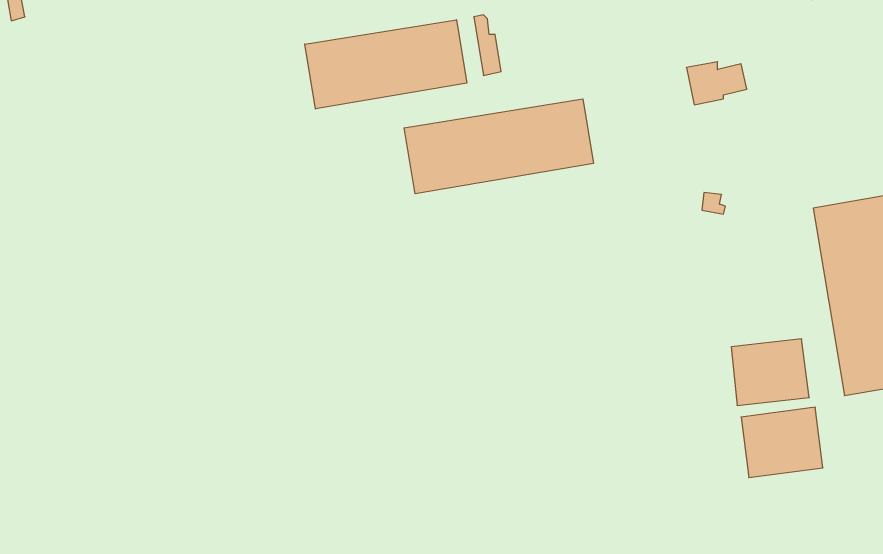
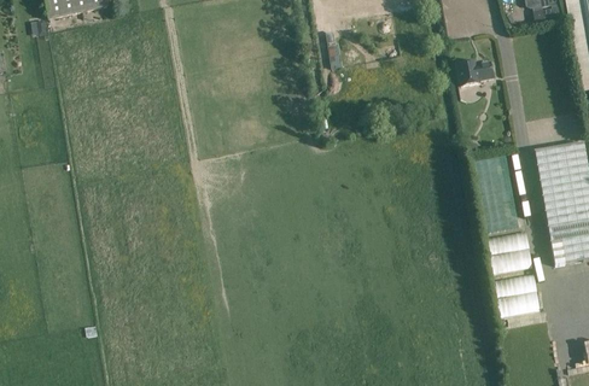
building: [305,20,467,109] -> none
building: [404,99,593,194] -> none

